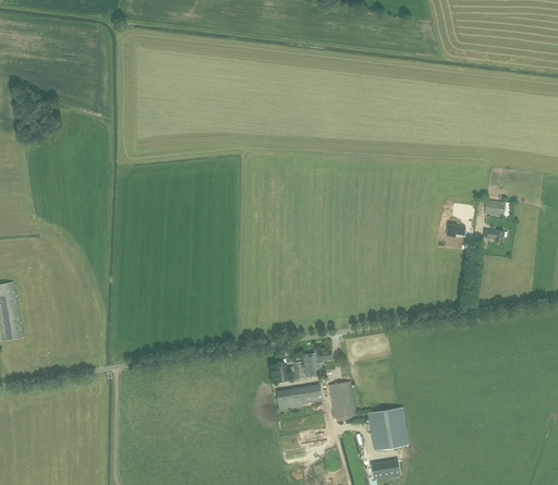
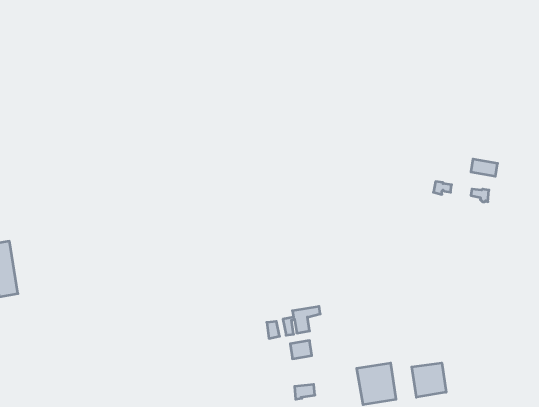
building: [328,380,356,417] -> none
building: [276,387,302,409] -> none
building: none -> [412,363,446,397]

